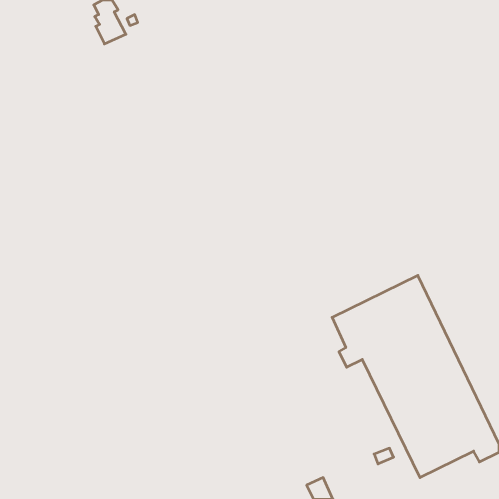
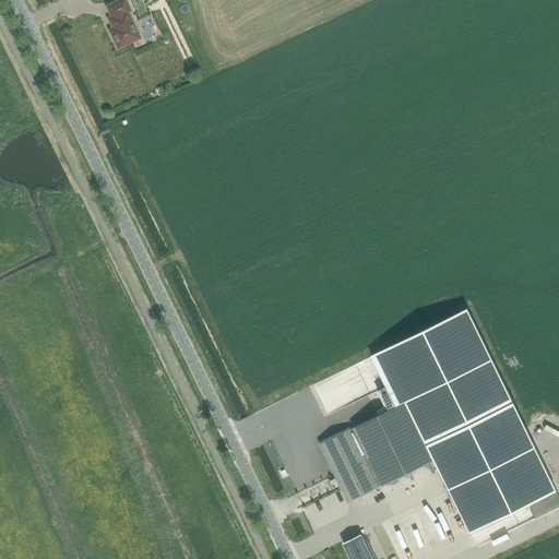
building: none -> [320,402,433,502]

